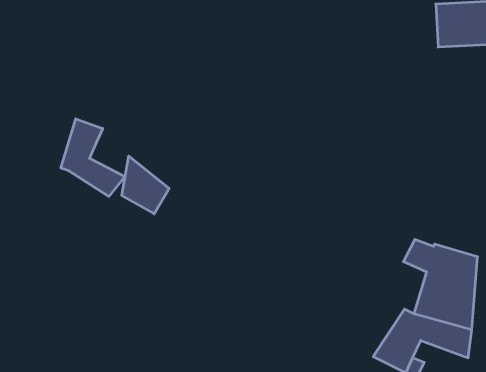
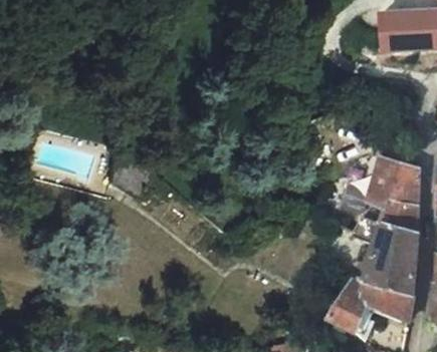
building: [61,119,125,196] -> none
building: none -> [340,155,421,232]

